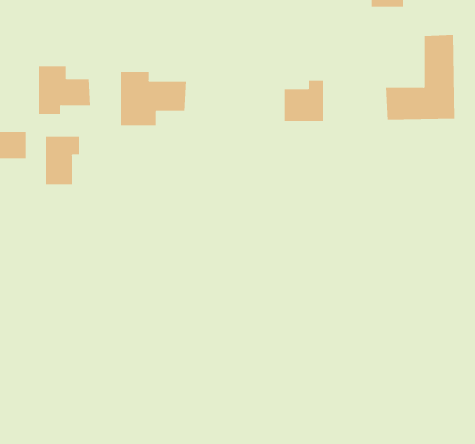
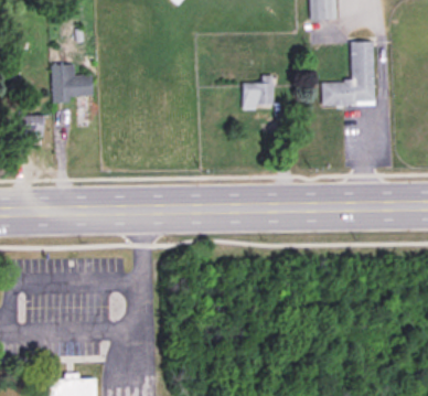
building: [120,71,187,126] -> none
building: [45,136,80,185] -> none

